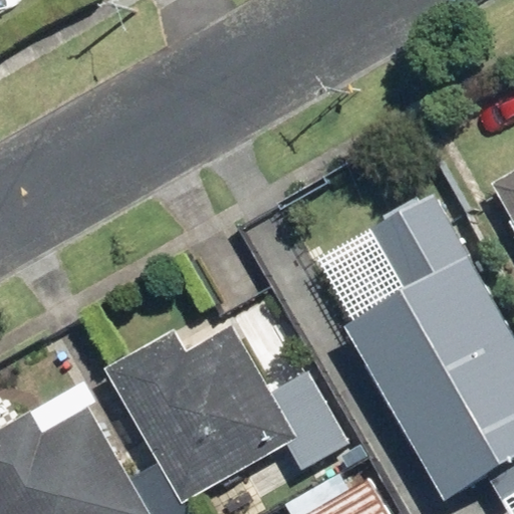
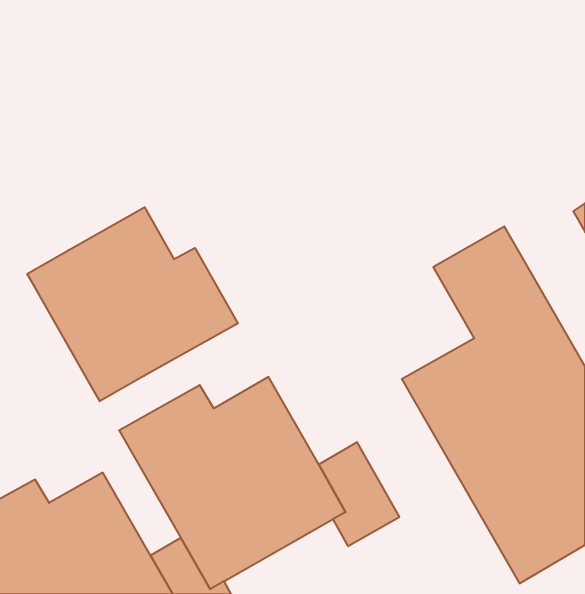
building: none -> [27,207,238,401]

